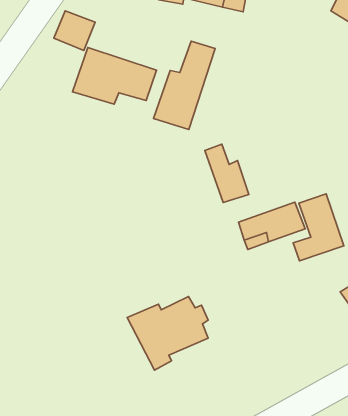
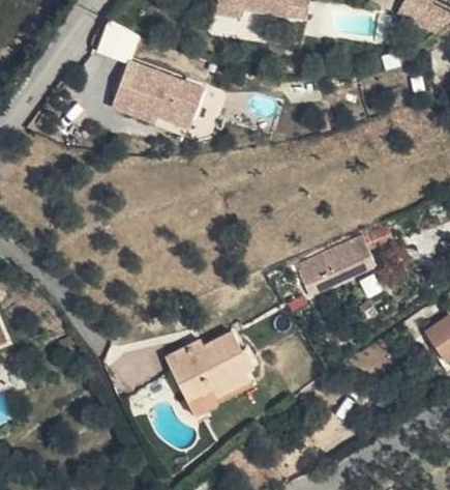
building: [153,41,215,130] -> none
building: [205,144,249,202] -> none

